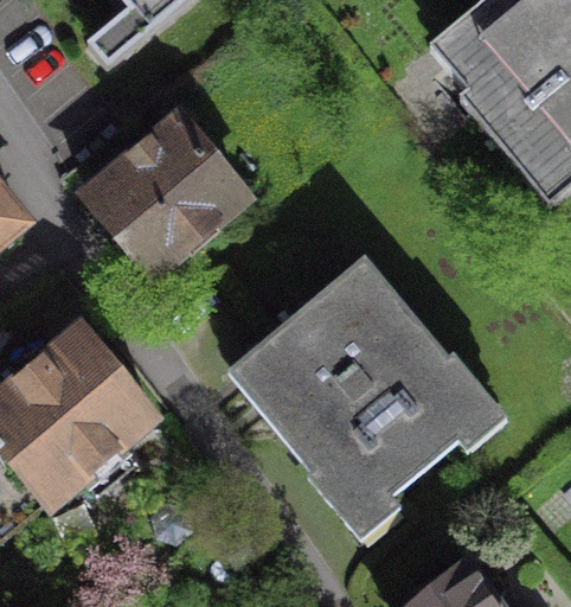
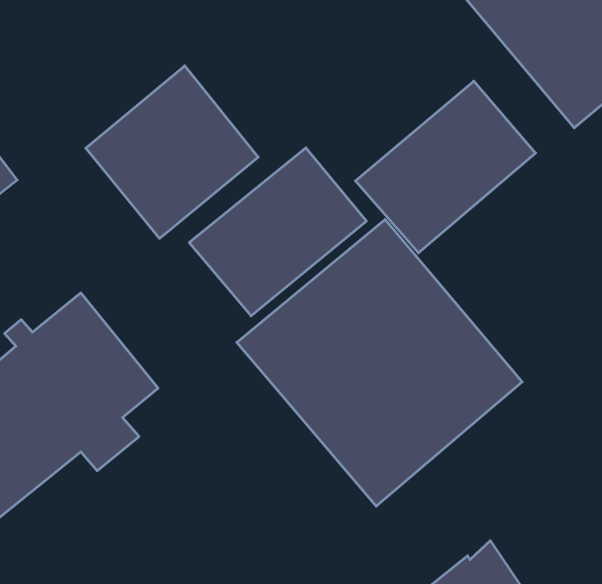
building: none -> [355,81,536,253]
building: none -> [189,148,366,316]

